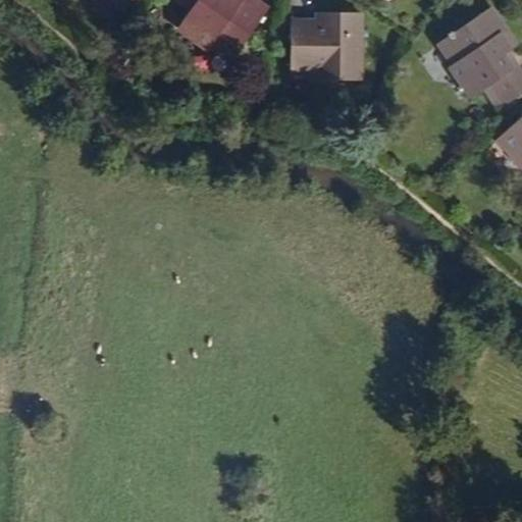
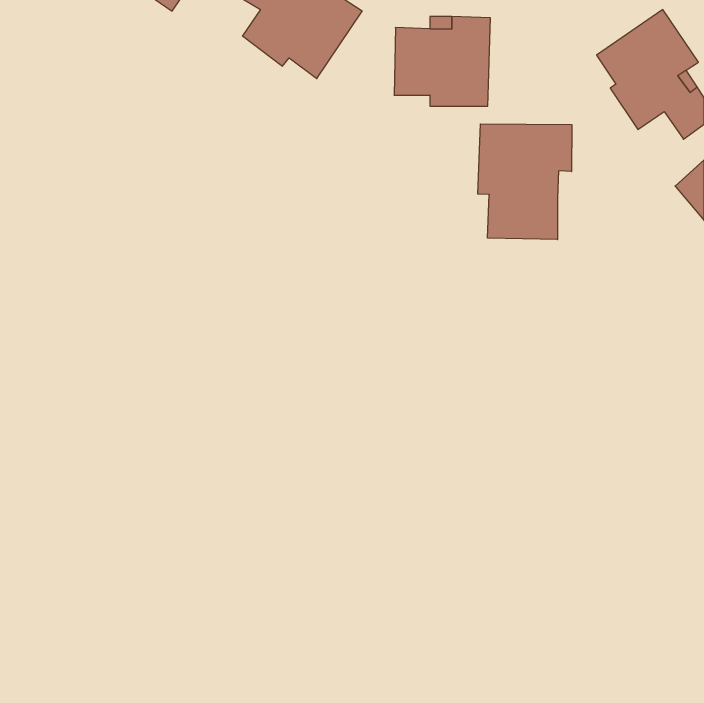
building: none -> [478,124,572,240]

